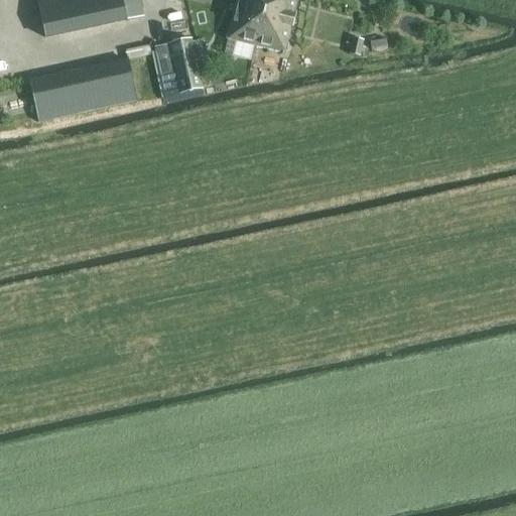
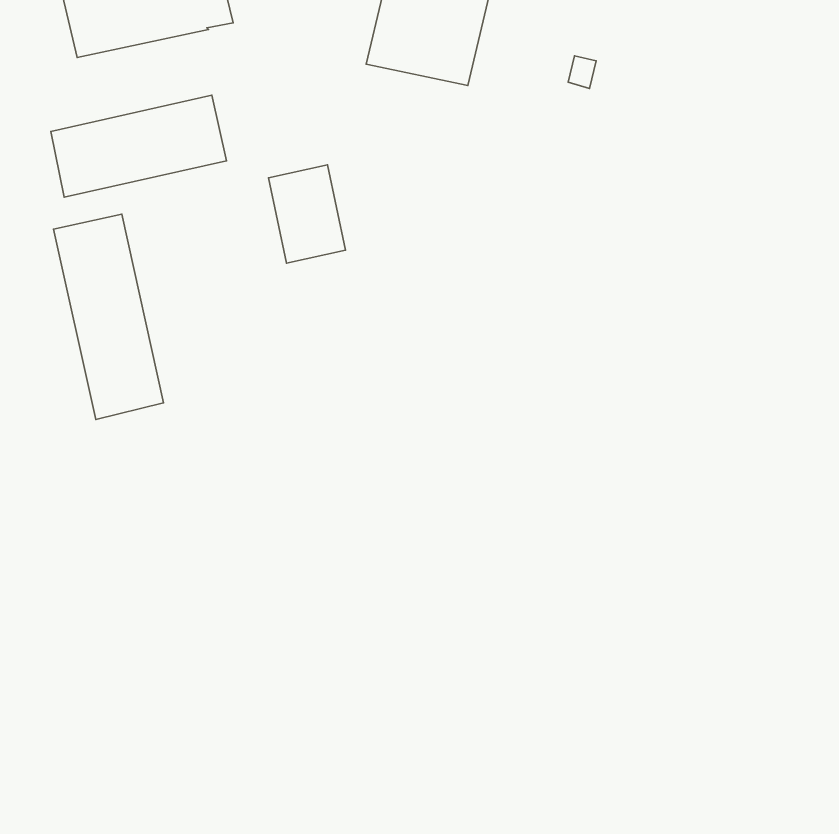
building: [155,36,203,97] -> [268,165,346,263]
building: none -> [54,214,163,420]

